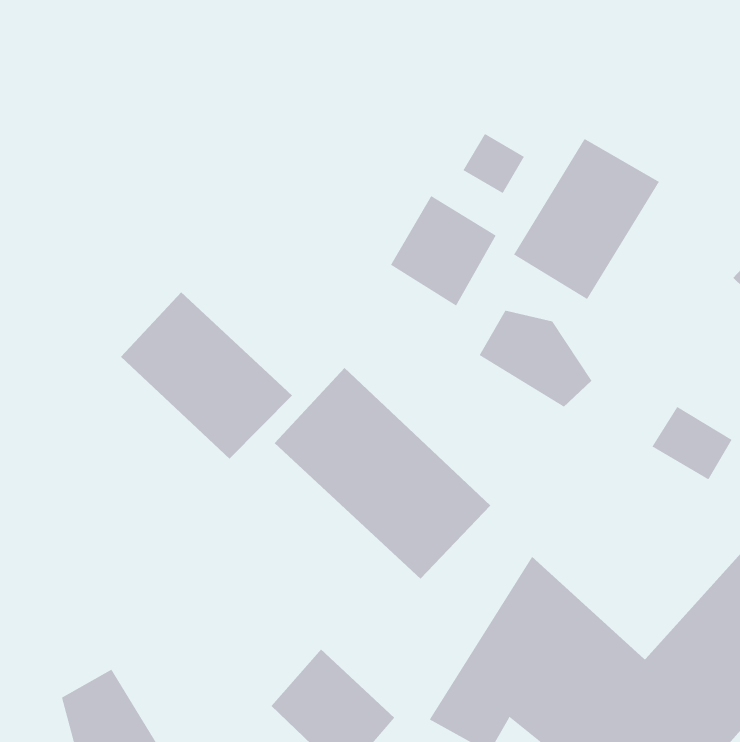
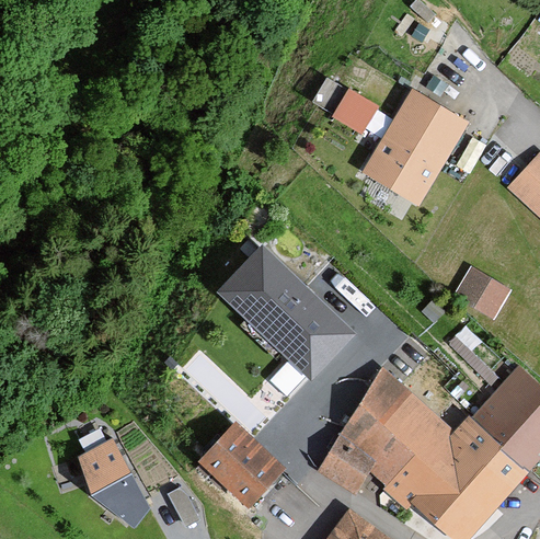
building: [390,195,497,307] -> none
building: [120,292,293,460] -> none
building: [479,310,592,408] -> none

